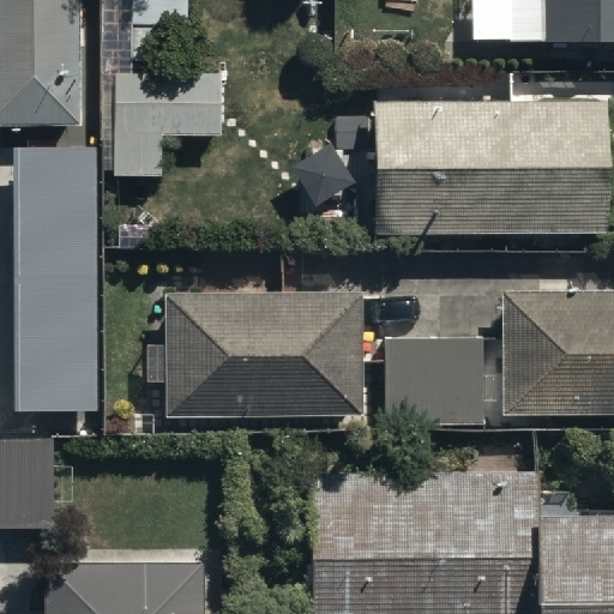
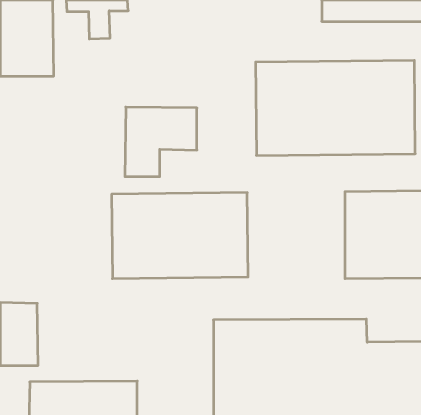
building: [113,73,217,174] -> [125,107,197,177]
building: [13,148,94,272] -> none
building: [13,281,98,411] -> none
building: [386,338,481,428] -> none

